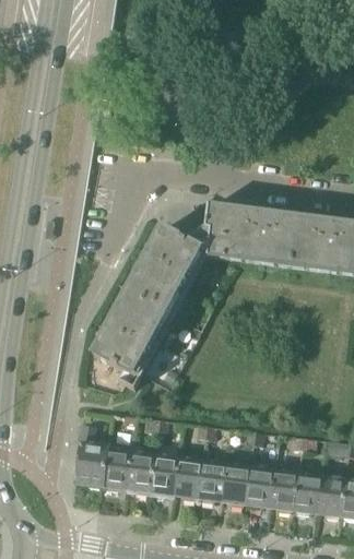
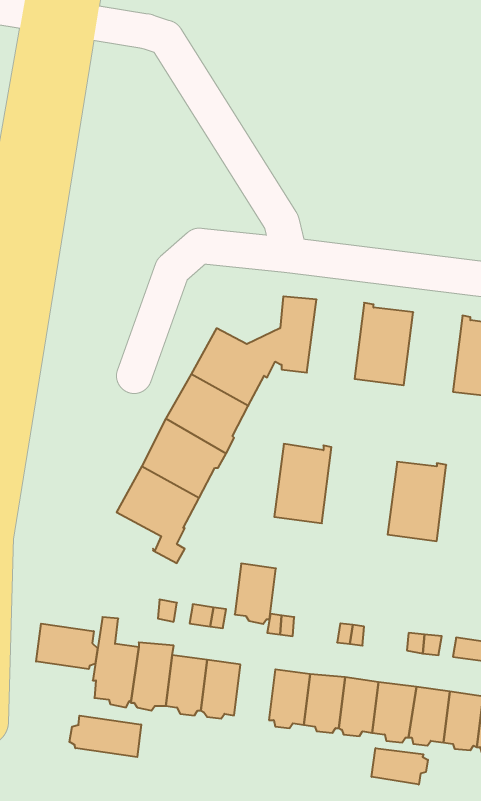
building: [224,206,263,261] -> [274,444,331,523]
building: [291,215,331,270] -> [388,462,446,541]
building: none -> [36,624,98,669]
building: [174,457,202,499] -> [235,564,276,624]
building: none -> [69,716,141,757]
building: none -> [372,748,428,785]

